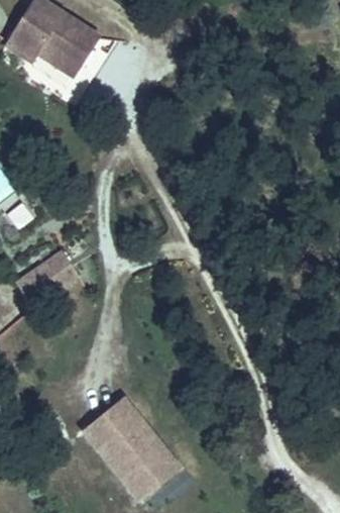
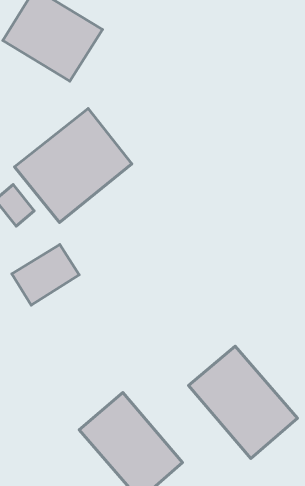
building: none -> [15,108,132,223]
building: none -> [189,346,297,458]

